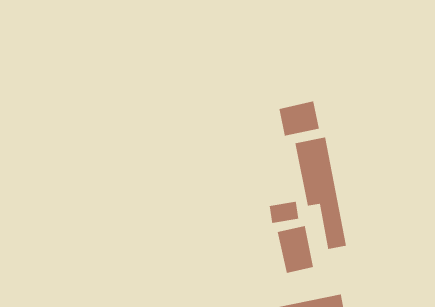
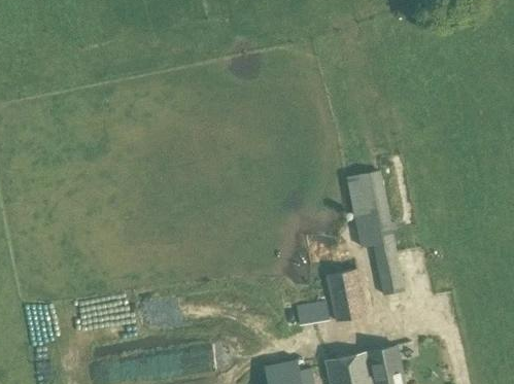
building: [279,100,319,136] -> none
building: [269,201,299,223] -> [296,301,330,325]

